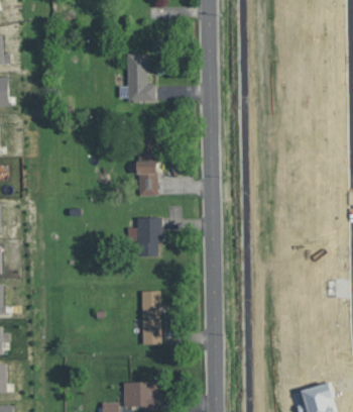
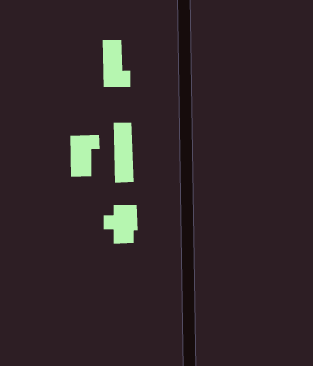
building: none -> [70,134,100,178]
building: [141,292,161,345] -> none

